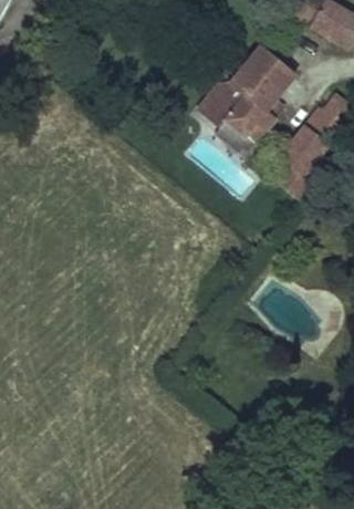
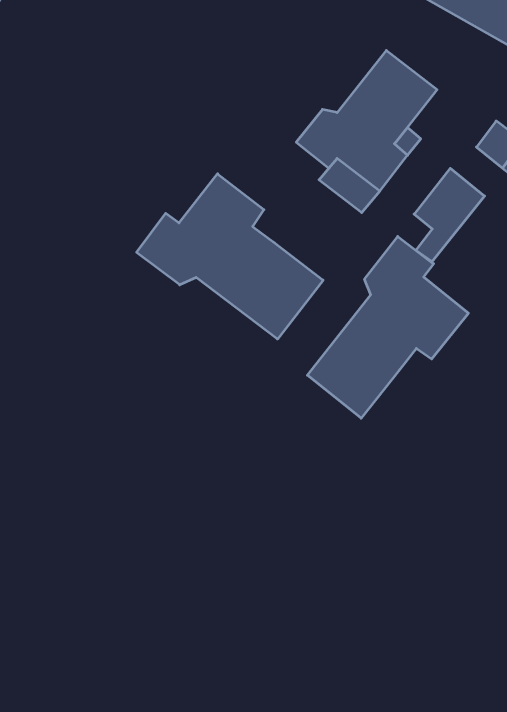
building: none -> [137,174,323,339]
building: none -> [307,236,468,418]

